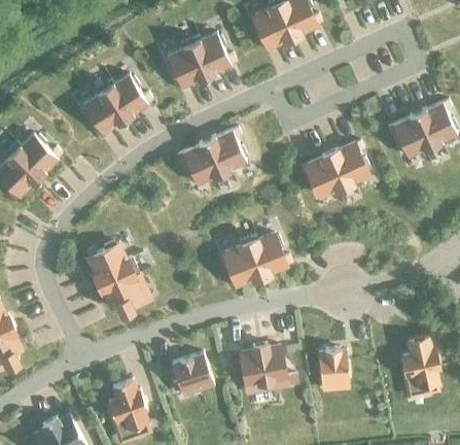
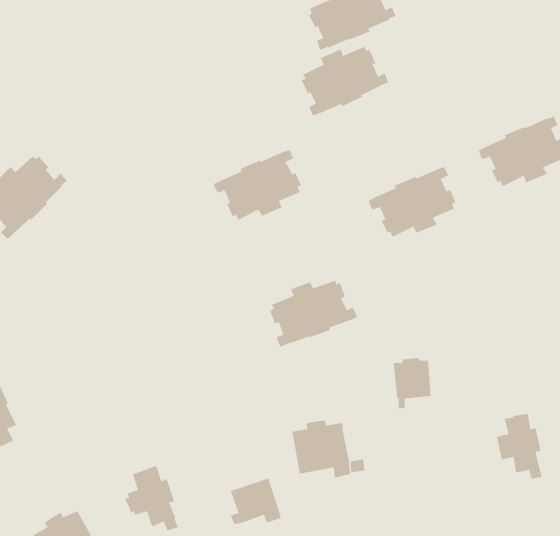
building: [166,34,236,90] -> [301,46,389,116]
building: [82,75,152,137] -> none
building: [85,243,141,313] -> none
building: [317,349,348,390] -> [393,357,432,409]
building: [171,353,212,390] -> [230,478,282,525]

